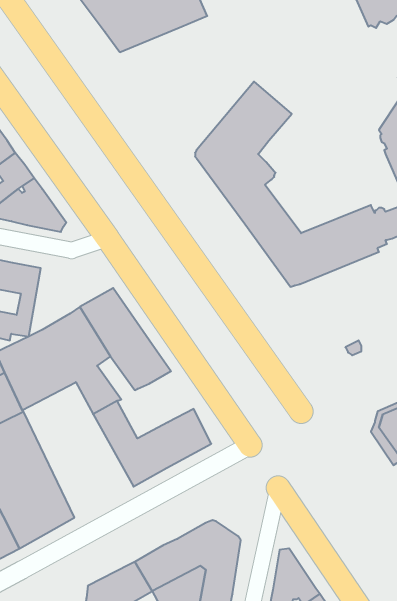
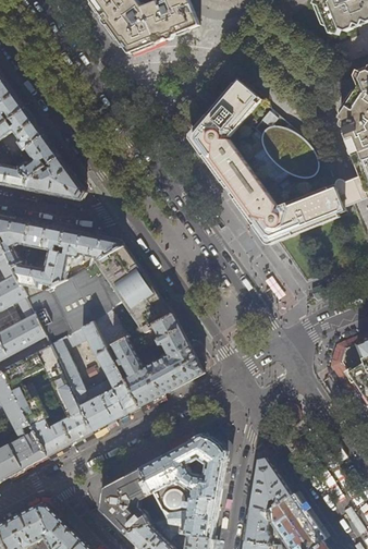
building: none -> [240,109,340,202]
building: none -> [53,230,122,285]
building: none -> [140,313,187,355]
building: none -> [48,322,138,432]

